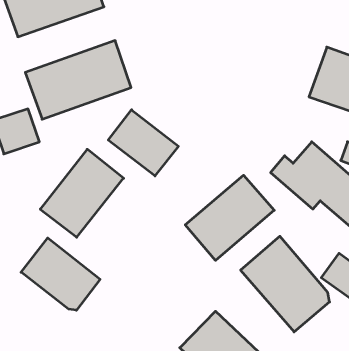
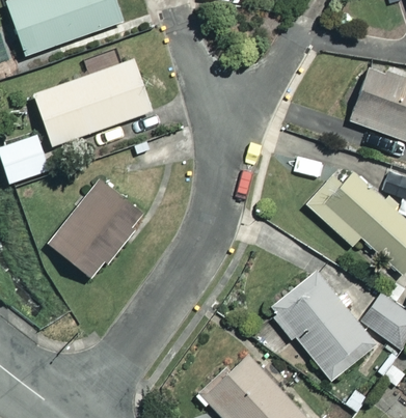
building: [108,110,178,176] -> none
building: [185,175,274,260] -> none
building: [21,238,100,310] -> none

